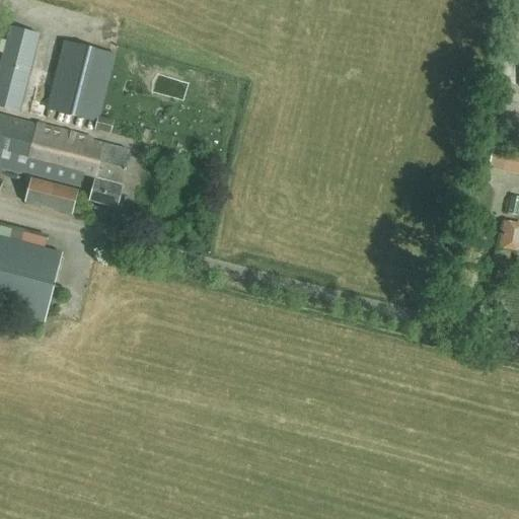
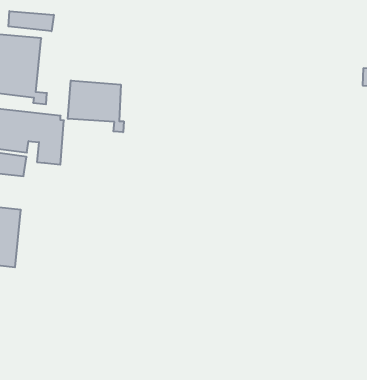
building: none -> [8,11,54,31]
building: none -> [68,80,124,132]

